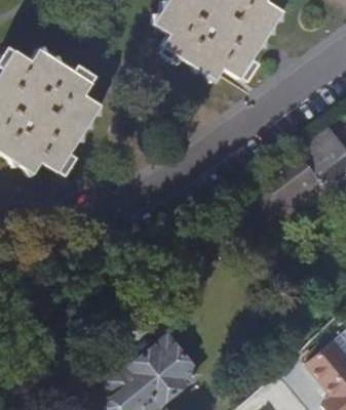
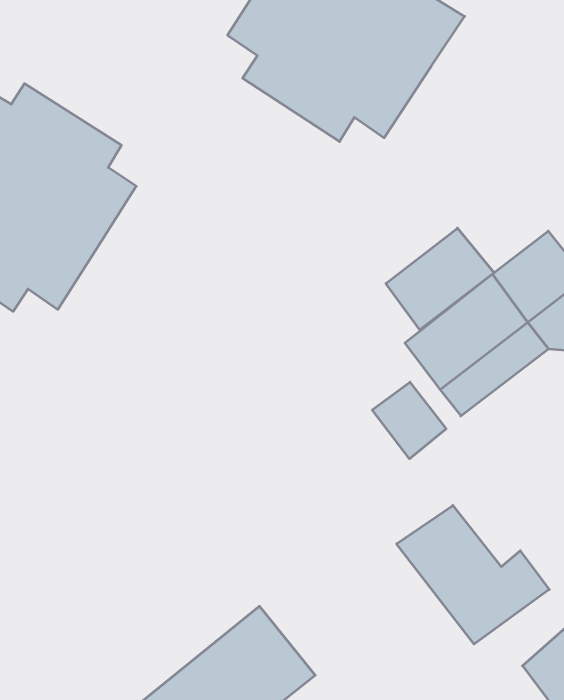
building: none -> [386,228,494,330]
building: none -> [372,382,446,459]
building: none -> [397,505,549,644]

